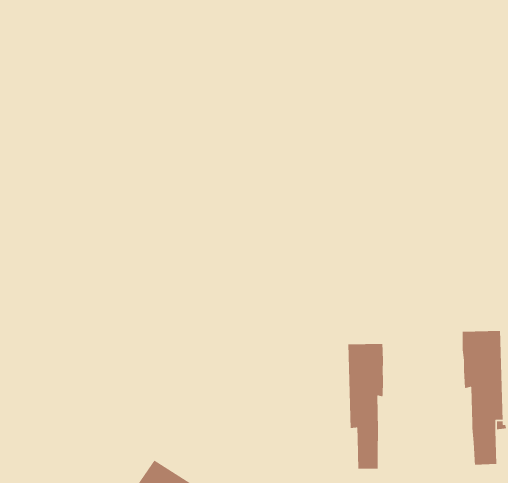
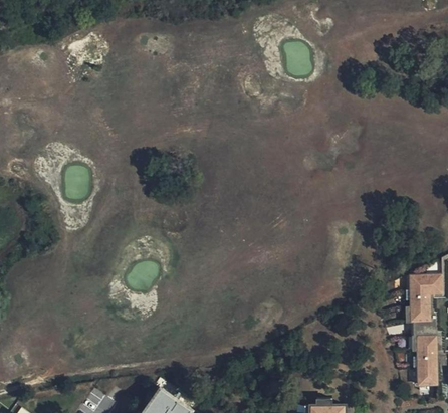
building: [347,343,384,470] -> none

